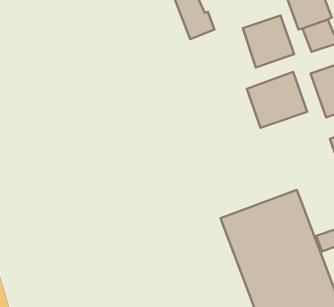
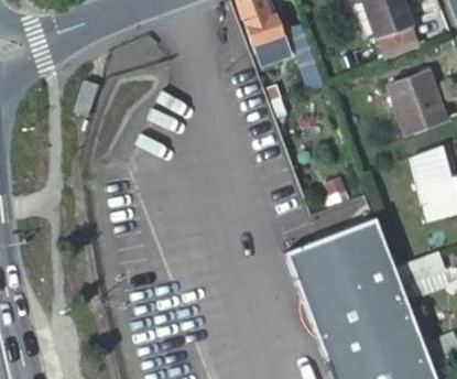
building: [243,16,294,67] -> none
building: [247,72,307,128] -> none

